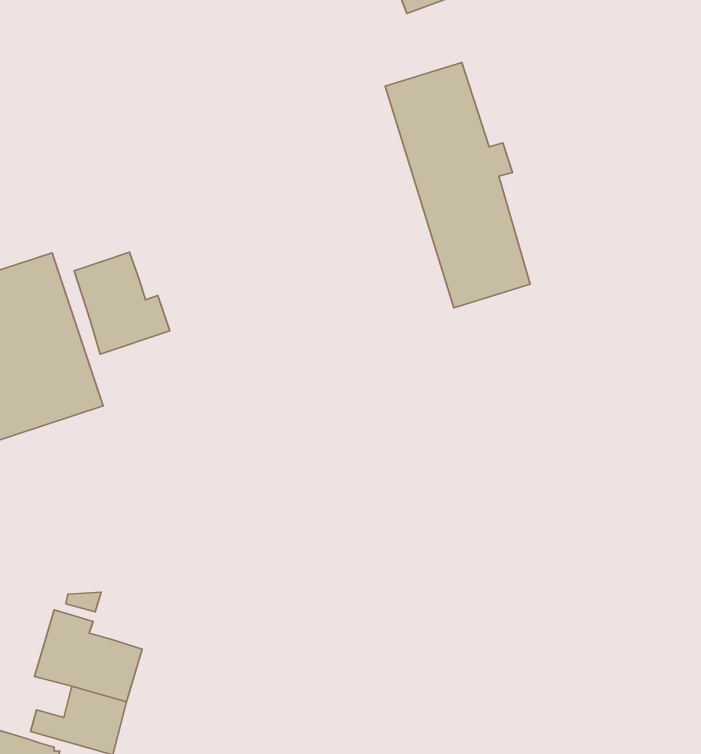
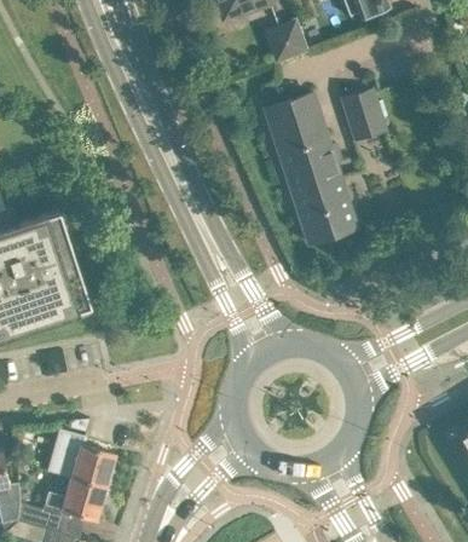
building: none -> [342,91,386,142]
building: [74,252,170,354] -> none

